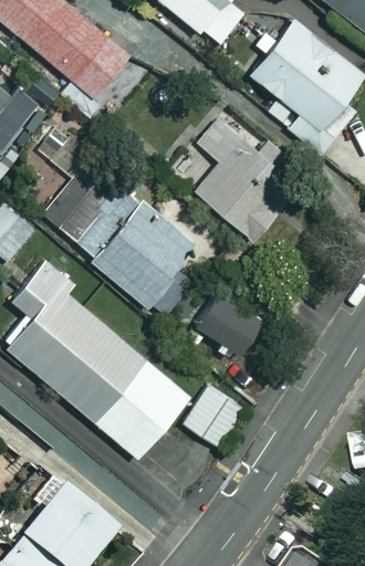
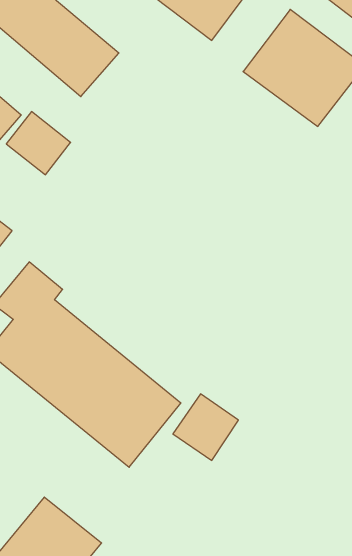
building: [191,117,296,230] -> none
building: [59,172,208,312] -> none
building: [197,290,262,352] -> none

